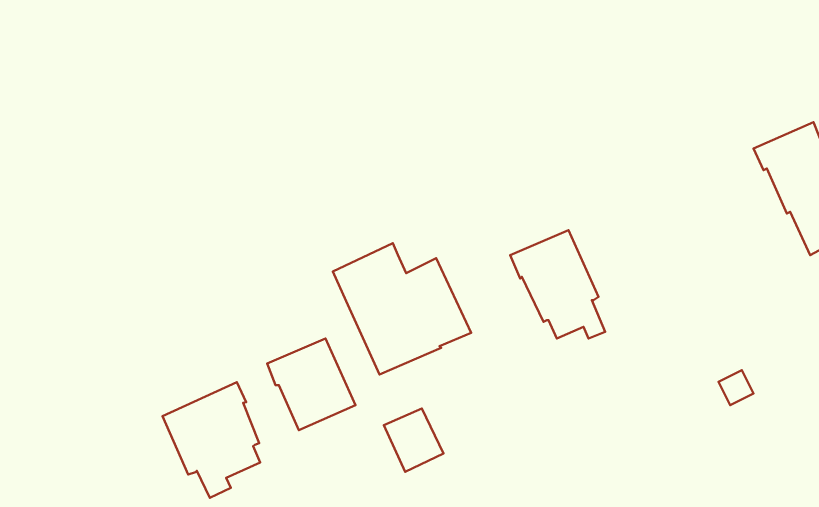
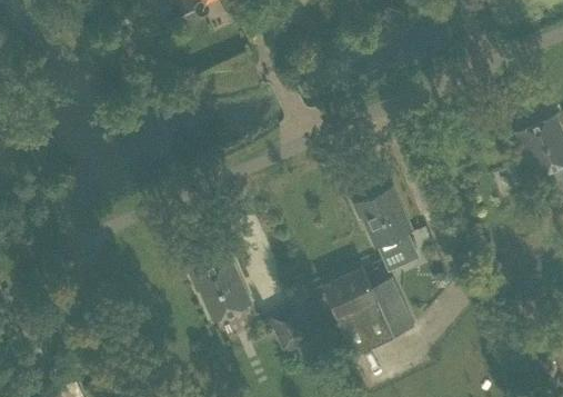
building: [333,243,471,375] -> [323,267,415,355]
building: [162,382,260,498] -> none

